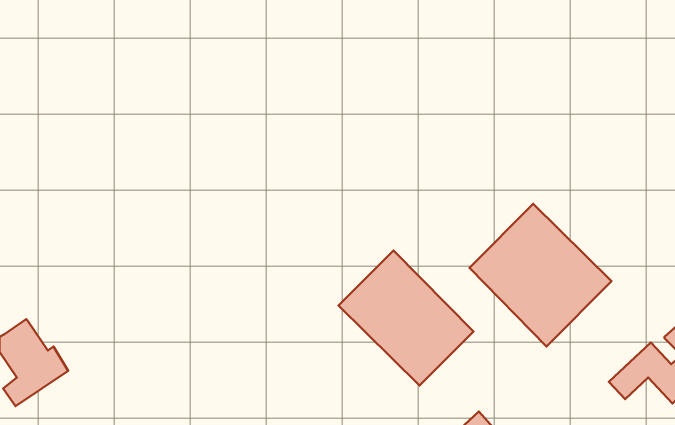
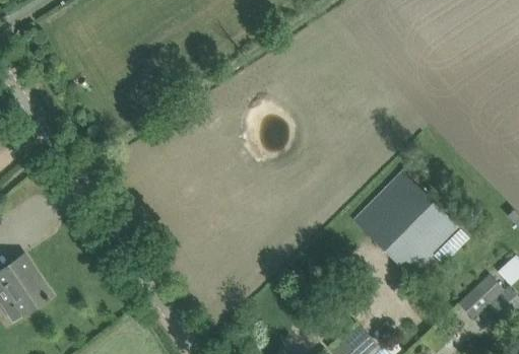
building: [338,250,473,386] -> none

